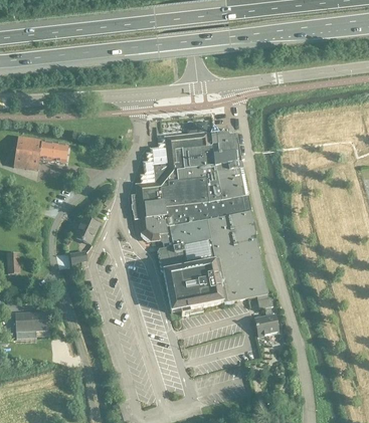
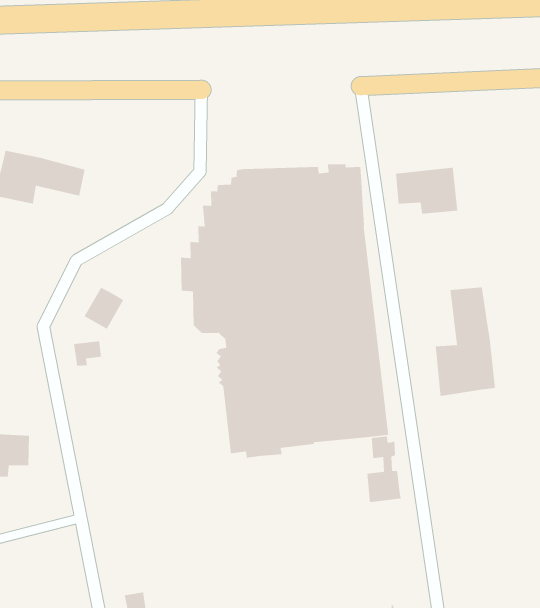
building: none -> [395,167,458,215]
building: none -> [435,287,496,397]

